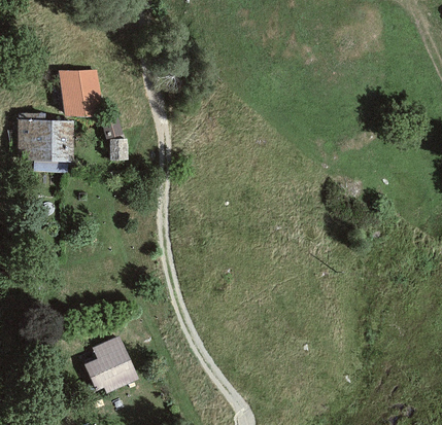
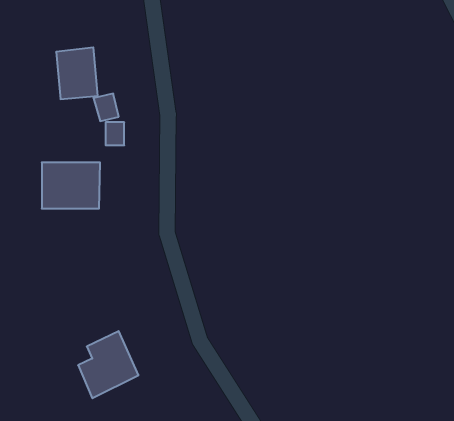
building: [18,121,72,165] -> [42,162,100,209]

